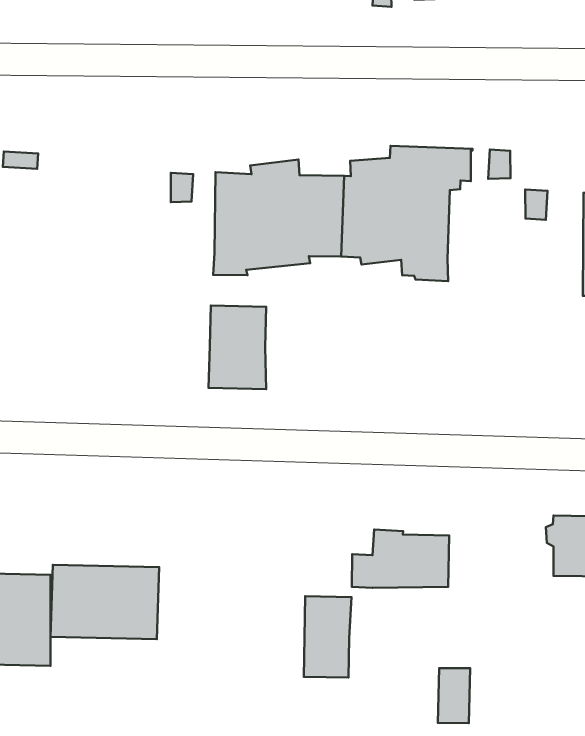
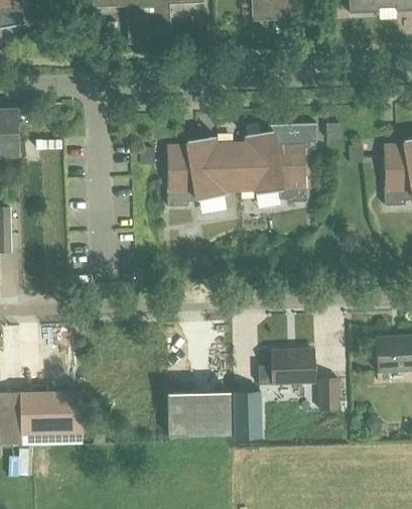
building: [209,305,266,389] -> none
building: [50,565,159,639] -> [167,391,231,435]
building: [438,668,470,723] -> [320,377,339,410]

